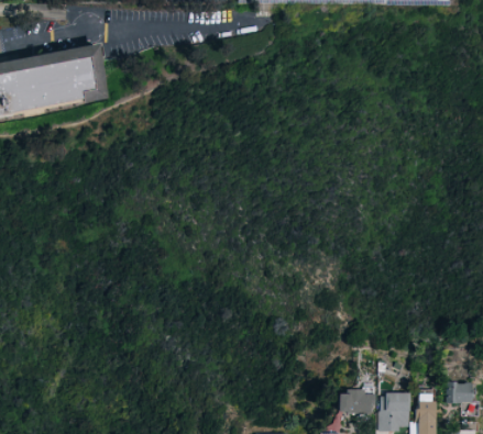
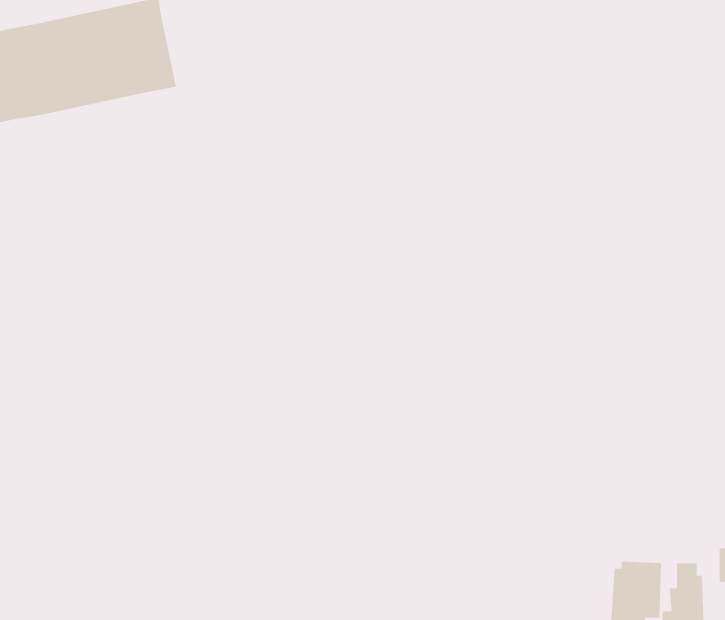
building: [339,387,376,415] -> none

